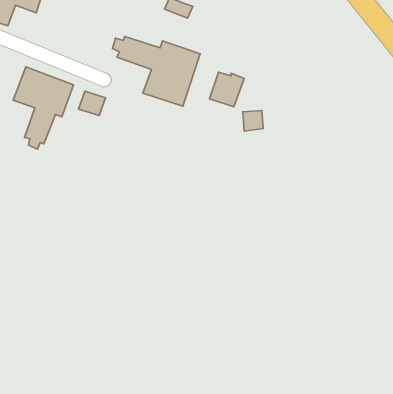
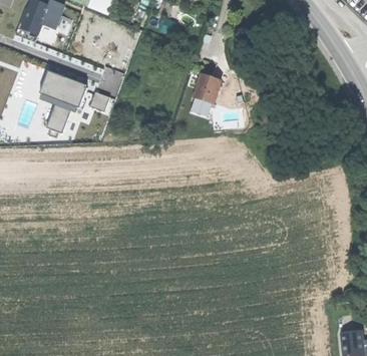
building: [113,37,200,106] -> none

